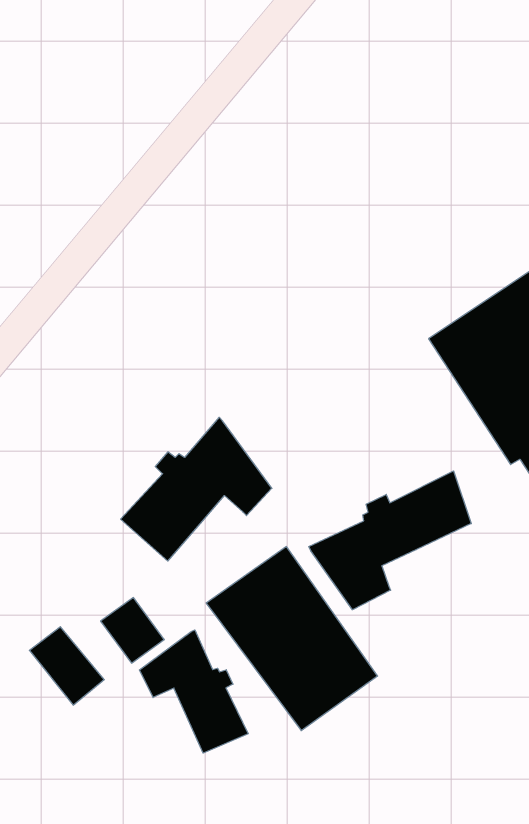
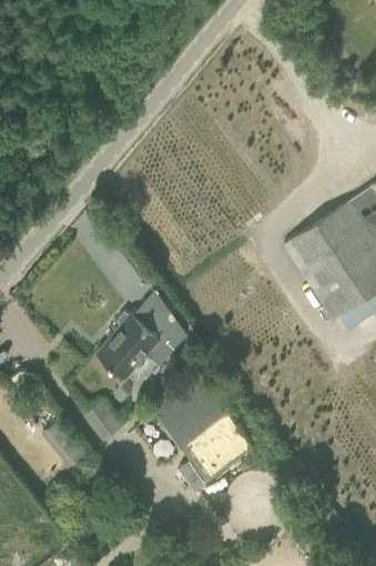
building: [309,471,471,610] -> none
building: [139,630,248,753] -> none

